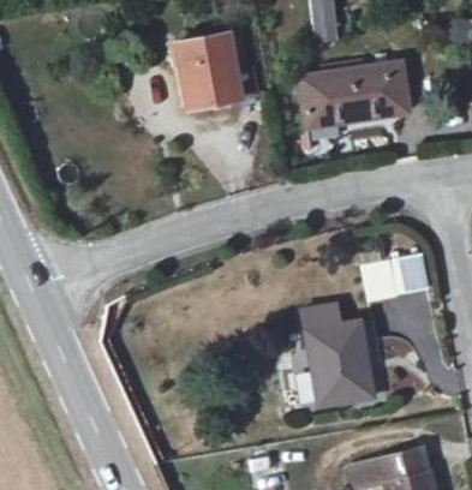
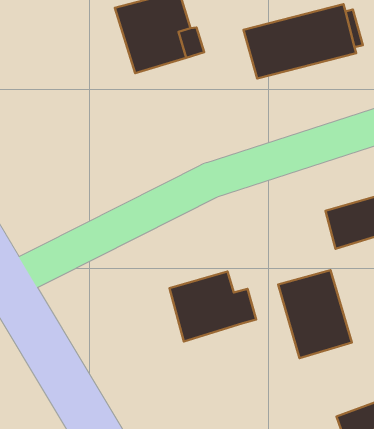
building: none -> [170,271,256,341]

